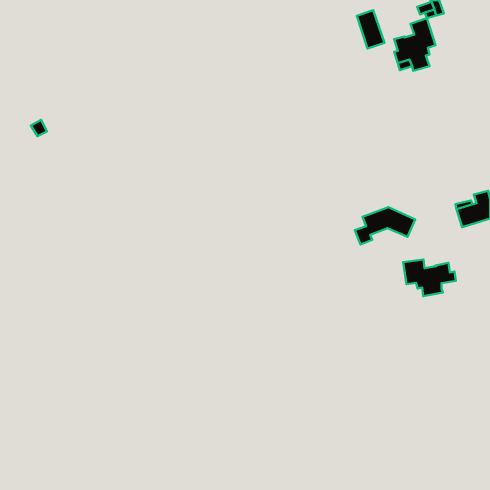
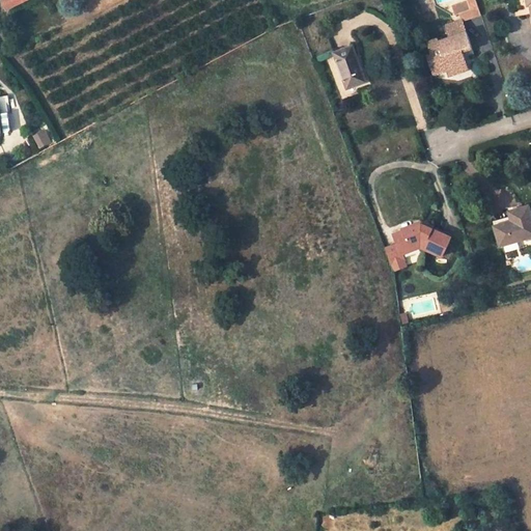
building: [357,10,385,49] -> [334,47,364,88]
building: [403,259,456,296] -> none

